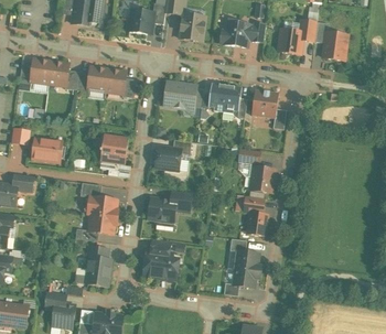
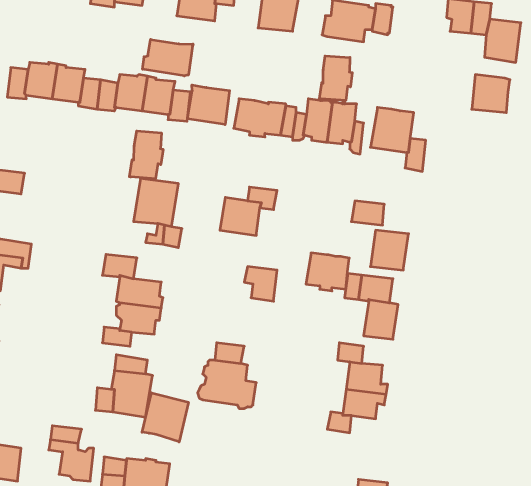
building: [278,29,302,53] -> [472,75,510,113]
building: none -> [143,39,193,76]
building: none -> [319,56,352,100]
building: none -> [187,85,230,125]
building: none -> [129,131,163,179]
building: [32,138,62,161] -> none
building: [148,197,175,222] -> [306,253,349,291]
building: none -> [142,393,188,442]

